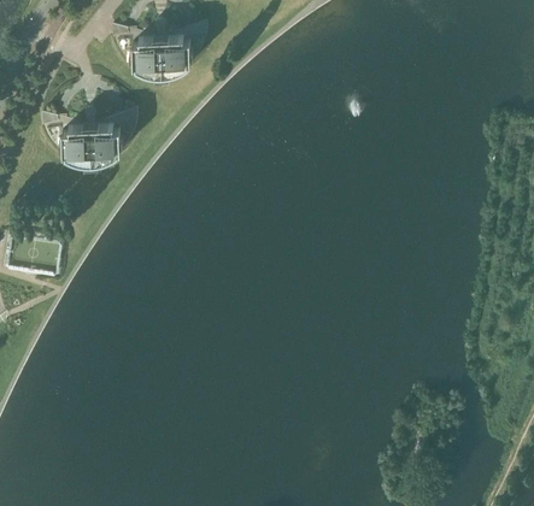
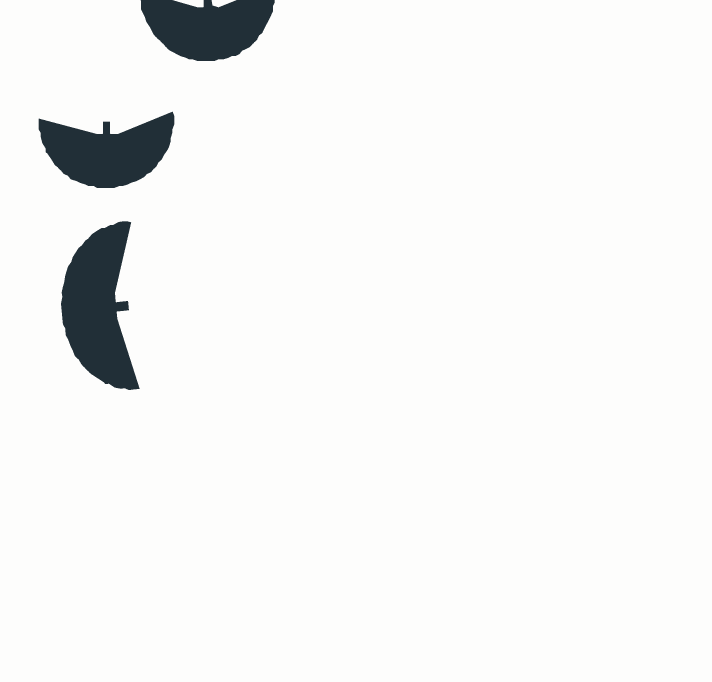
building: none -> [60,220,141,391]

